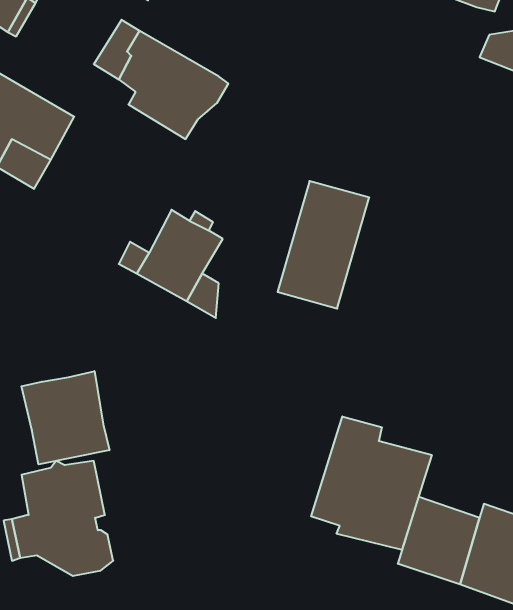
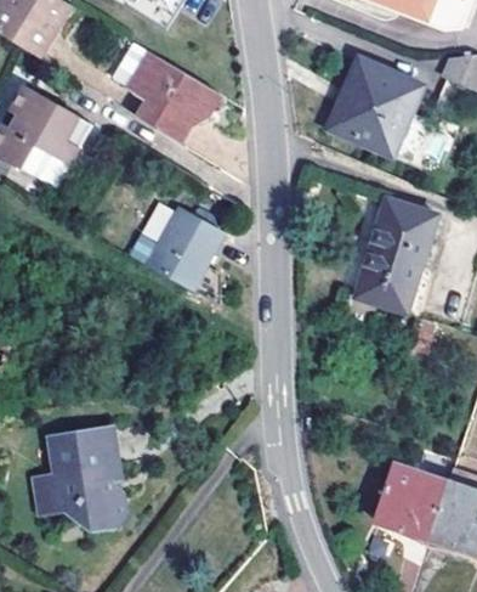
building: none -> [329,60,426,162]
building: [278,181,369,309] -> [356,197,436,309]
building: [21,371,109,464] -> none
building: [311,416,432,550] -> none

